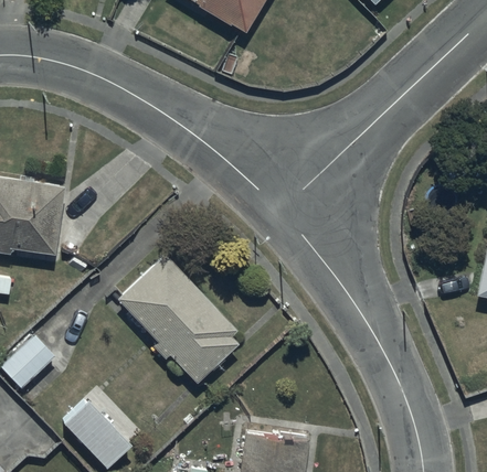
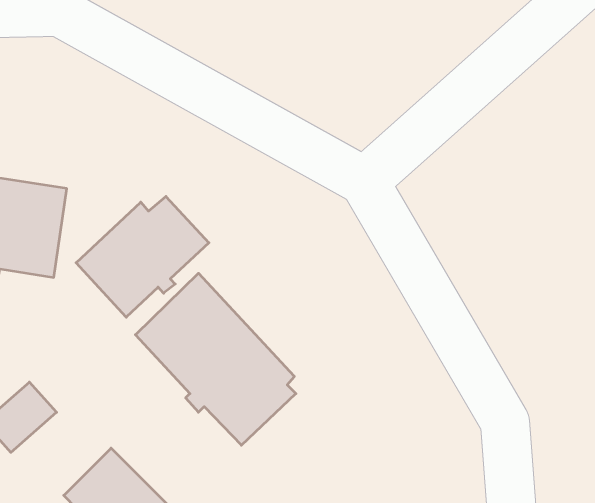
building: none -> [76,196,209,317]

